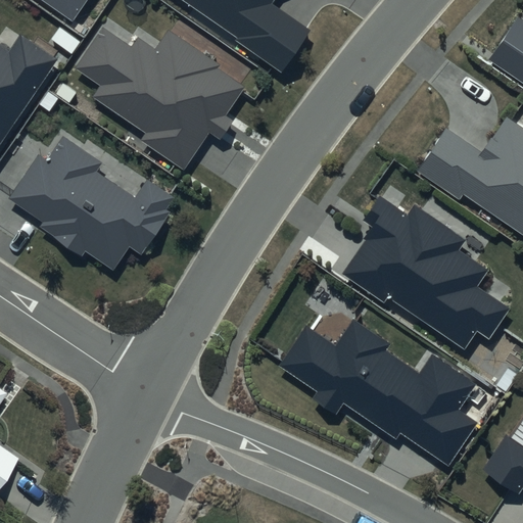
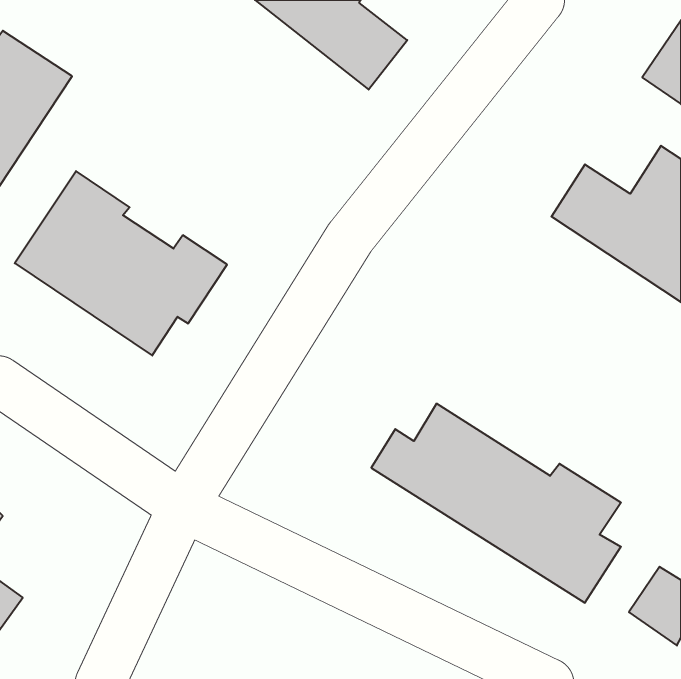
building: [68,26,251,168] -> none
building: [370,203,510,349] -> none

